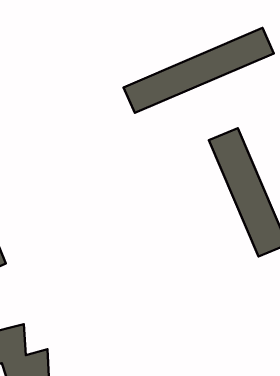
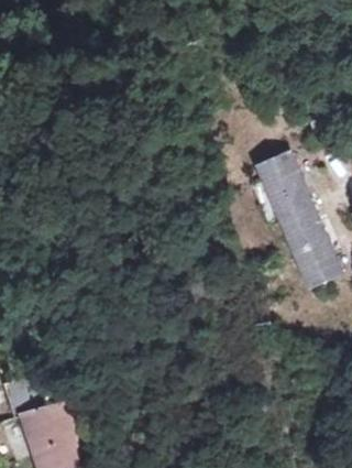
building: [124,28,274,113] -> none

